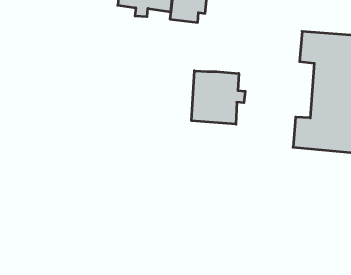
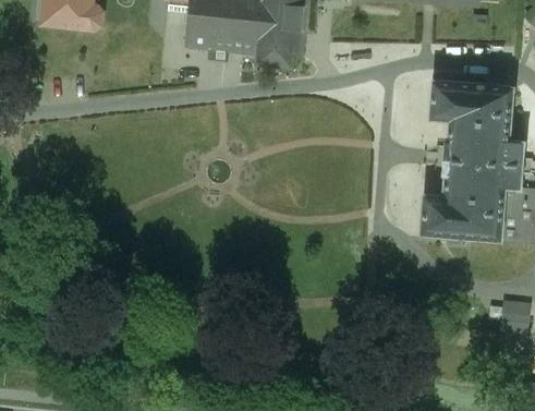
building: [192,71,245,124] -> none

